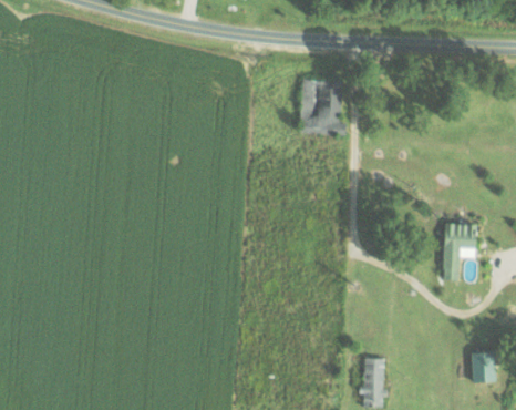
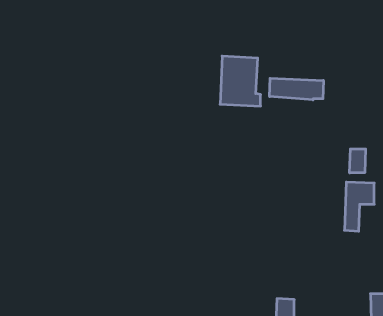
building: none -> [270,78,323,100]
building: none -> [350,149,366,173]

